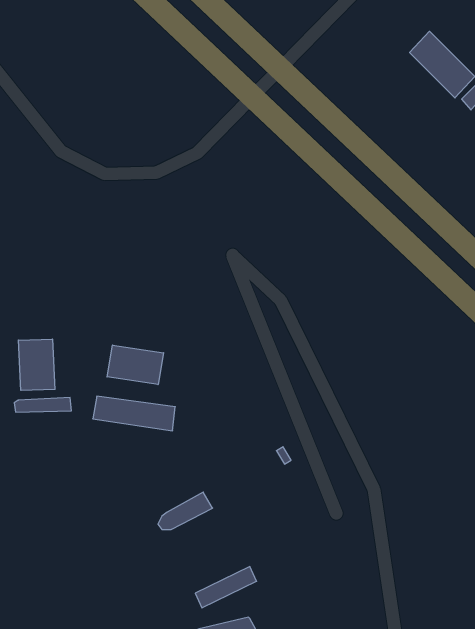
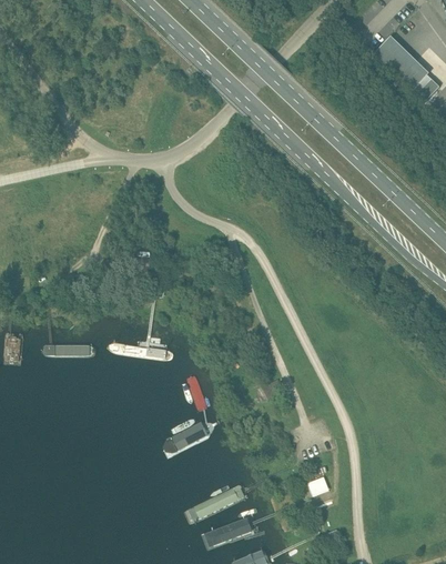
building: [18,339,55,390] -> none
building: [107,345,164,385] -> none

